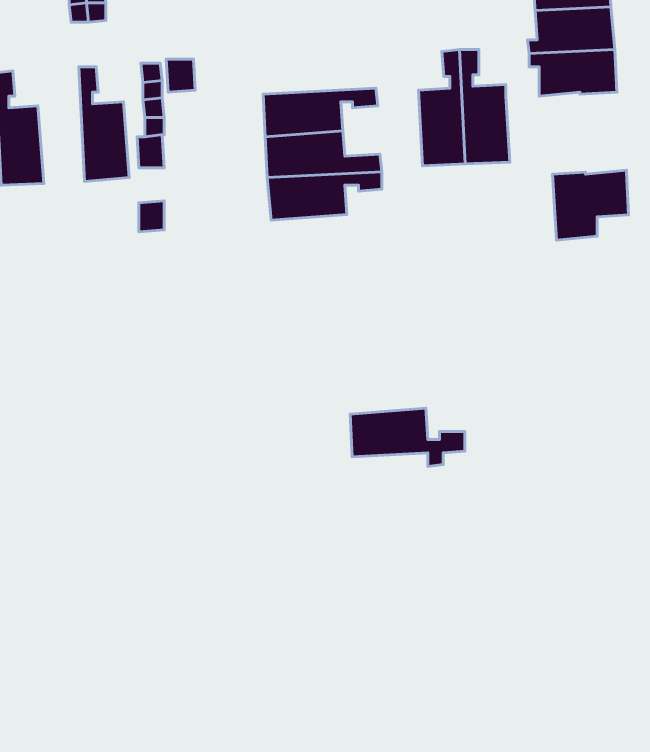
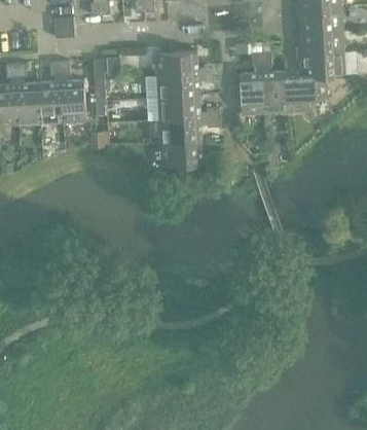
building: none -> [154,49,215,75]
building: none -> [36,61,61,122]
building: [553,170,628,240] -> [284,74,324,111]
building: [350,408,465,467] -> [159,139,220,170]

